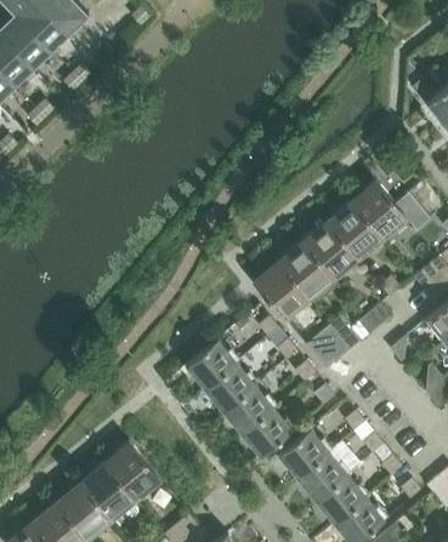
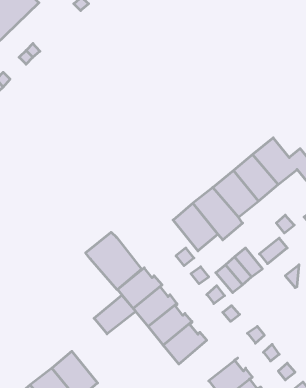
building: none -> [86,232,141,290]
building: none -> [94,295,136,334]
building: [278,428,331,477] -> none

